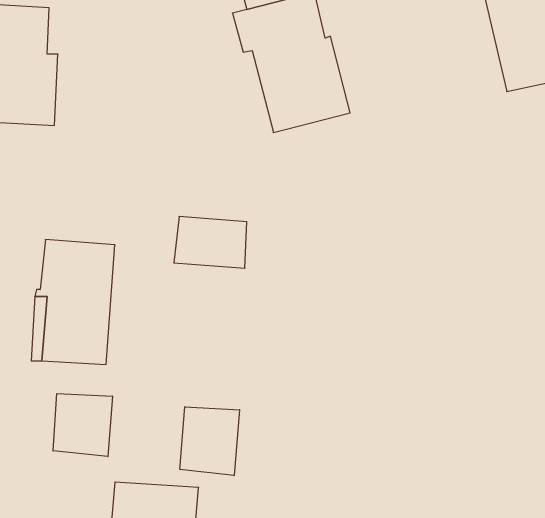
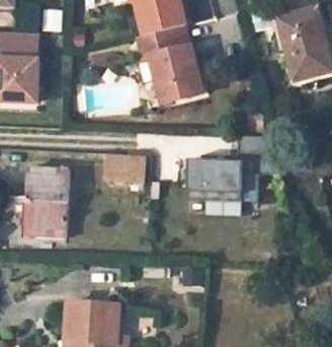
building: none -> [188,136,278,200]
building: [53,394,112,457] -> none
building: [180,407,240,476] -> none

